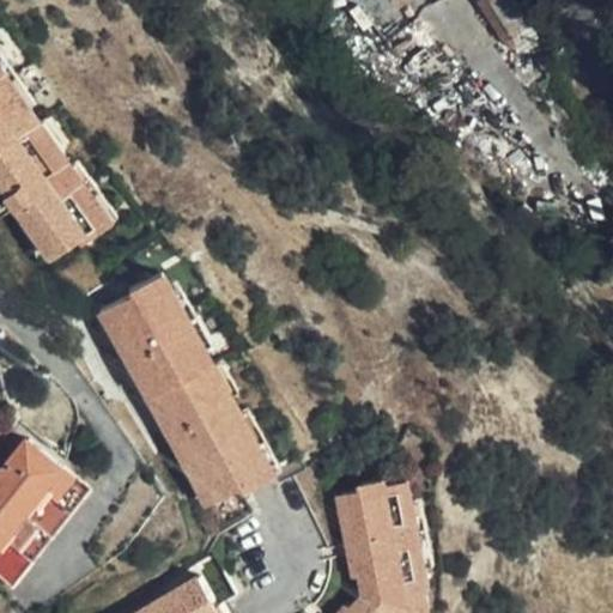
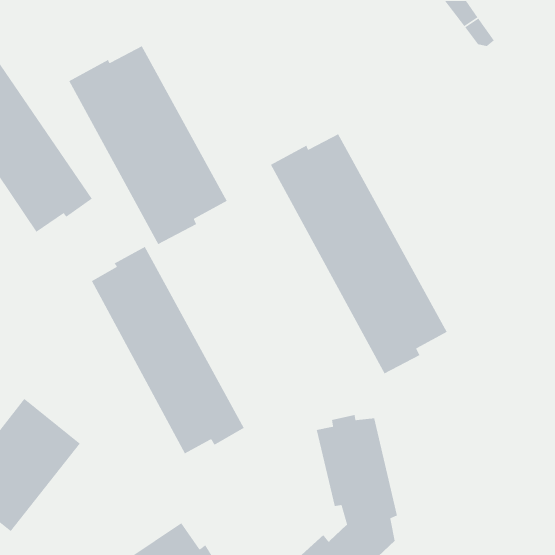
building: none -> [68,45,228,245]
building: none -> [270,133,448,374]

